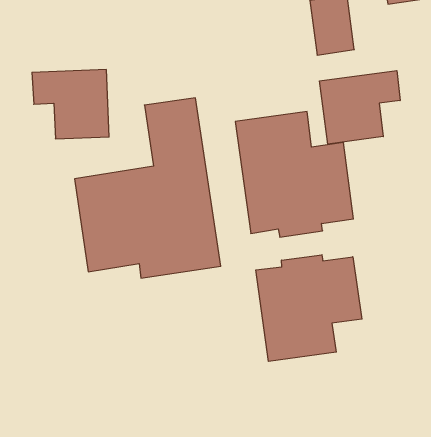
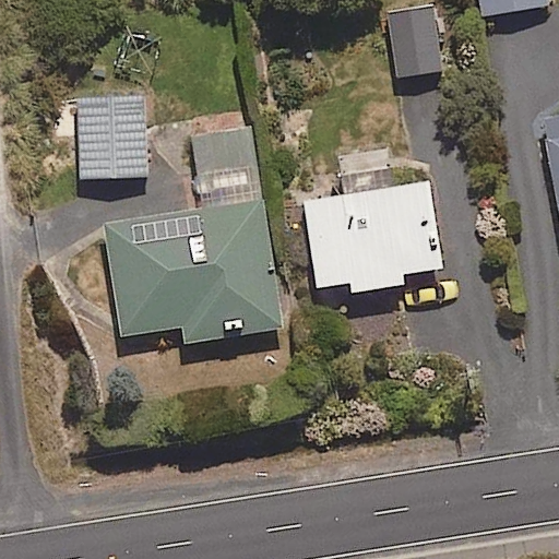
building: [320,71,400,144] -> none
building: [256,255,362,361] -> none

